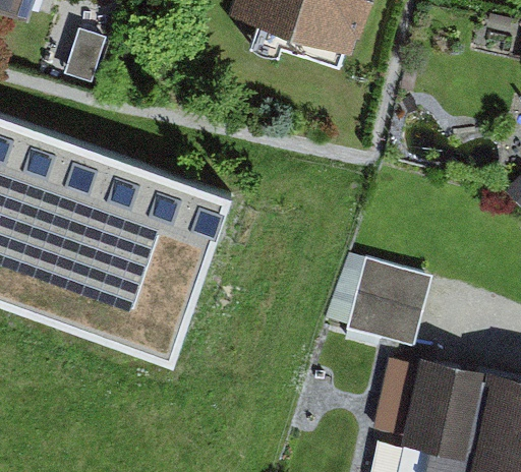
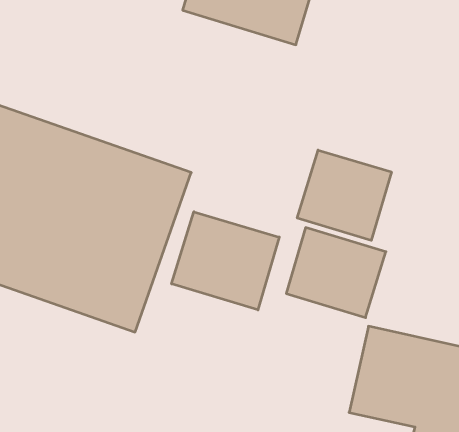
building: none -> [297,150,391,240]
building: none -> [172,212,279,310]

